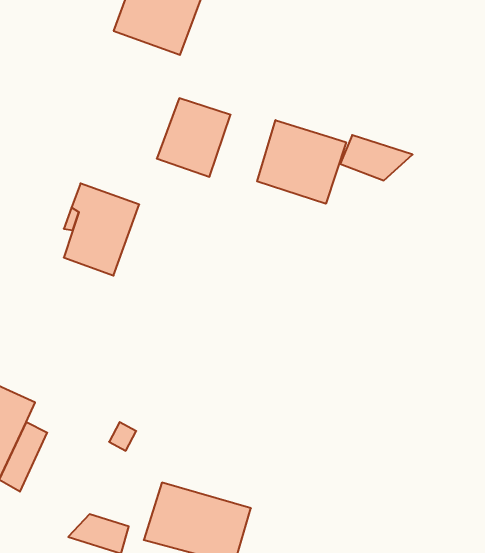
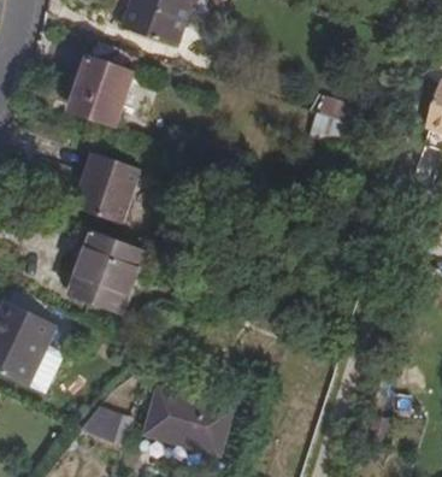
building: [157,98,231,177] -> [71,59,130,122]
building: [257,120,346,204] -> none
building: none -> [70,229,145,313]

